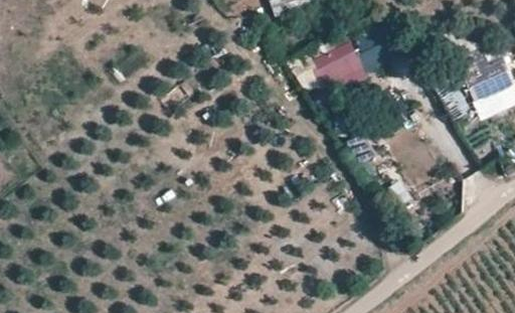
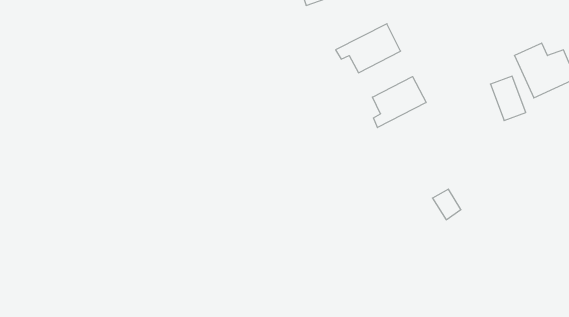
building: none -> [372,77,426,128]

